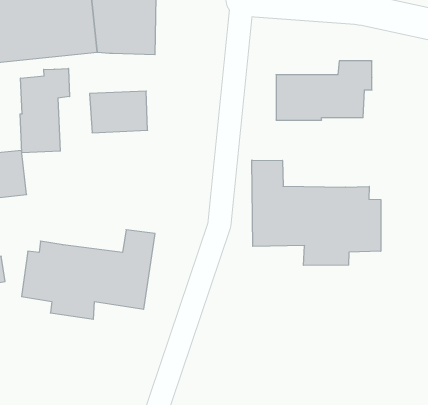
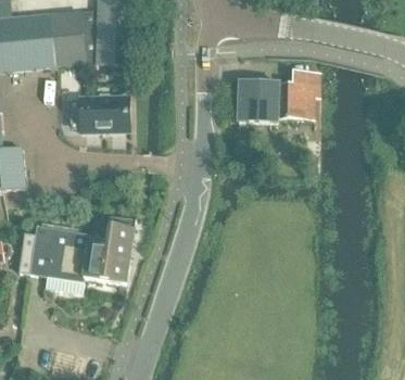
building: [20,68,70,153] -> none
building: [252,160,381,265] -> none

